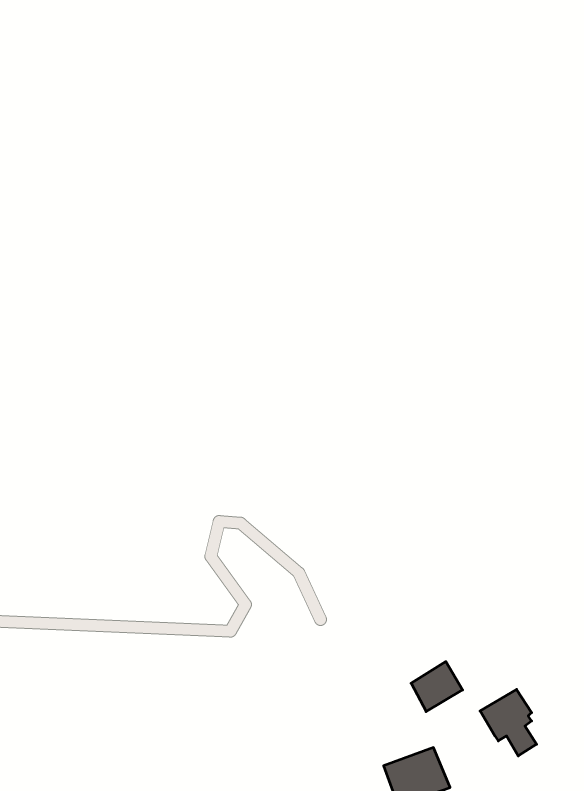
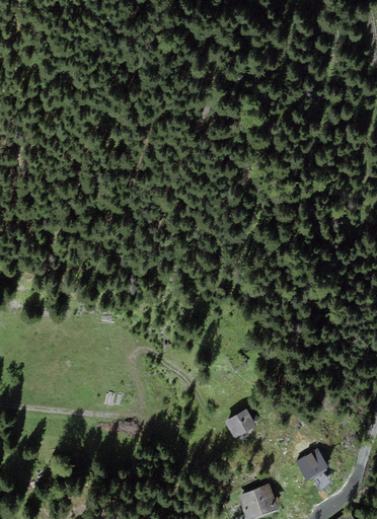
building: [411,662,463,712] -> [225,410,256,440]

